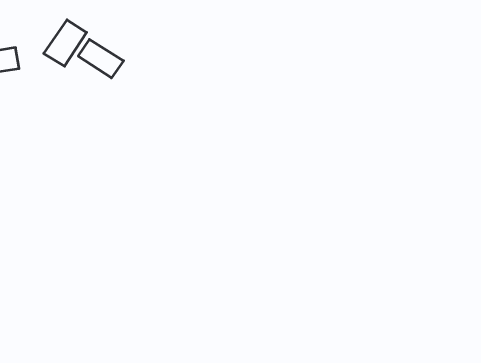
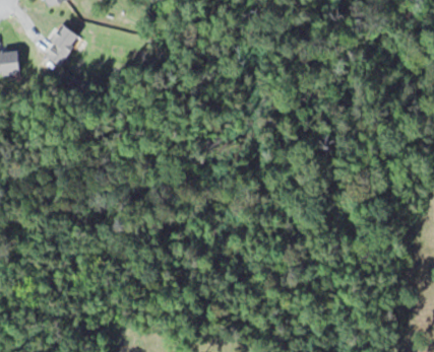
building: [78,39,124,78] -> none

